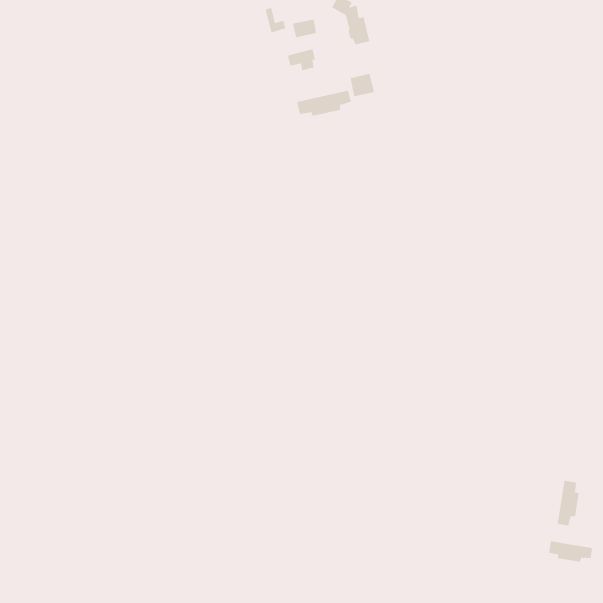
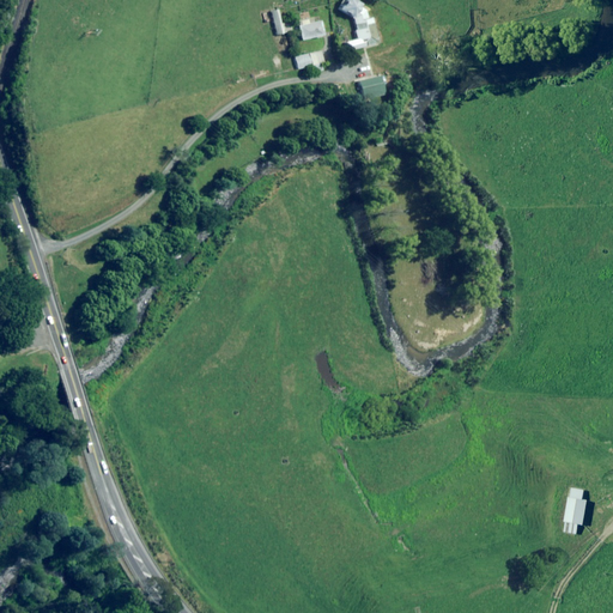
building: [296,90,352,116] -> none
building: [549,541,593,563] -> none

